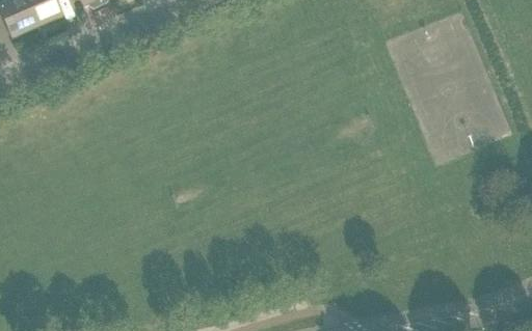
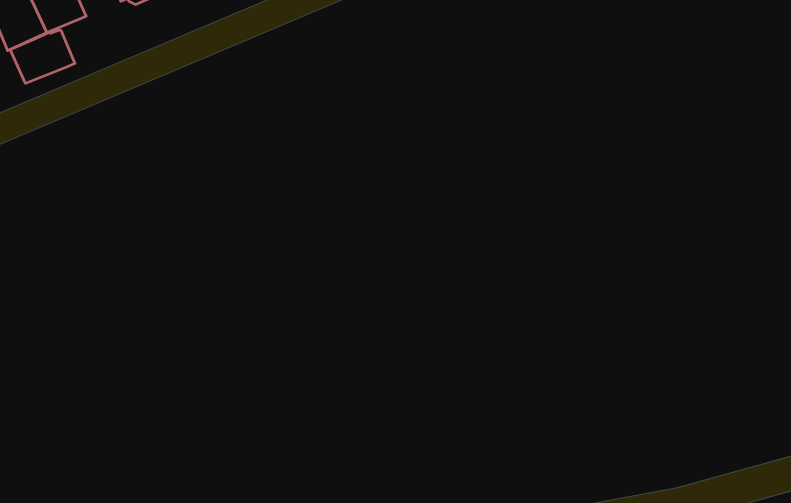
building: none -> [10,30,75,83]

